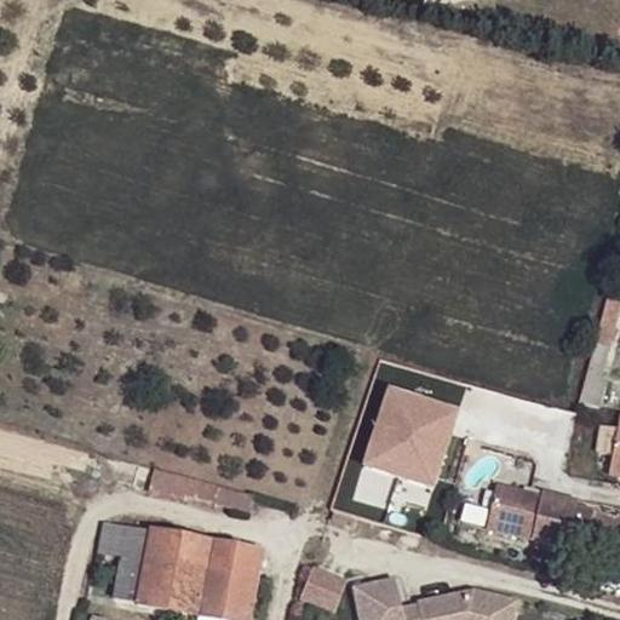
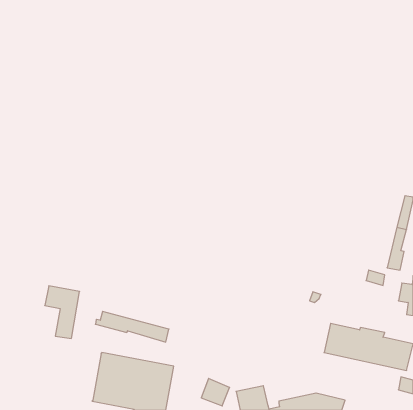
building: [366,390,457,487] -> none
building: [99,521,151,599] -> [45,286,80,338]

